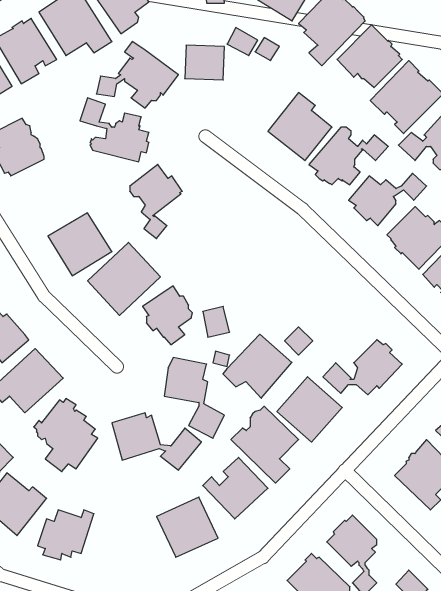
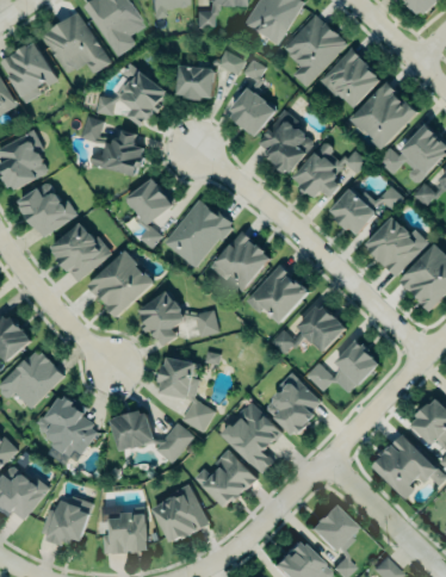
building: none -> [228,87,278,137]
building: none -> [18,182,78,237]
building: none -> [166,199,233,267]
building: none -> [210,231,271,292]
building: none -> [296,305,346,353]
building: [223,334,292,398] -> [244,265,309,324]
building: none -> [103,510,148,556]

